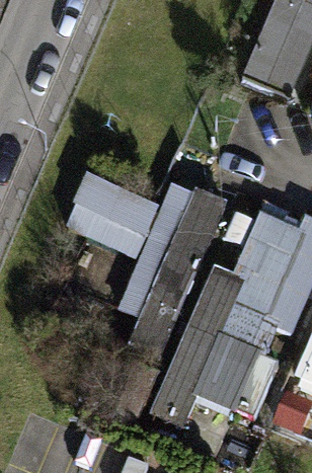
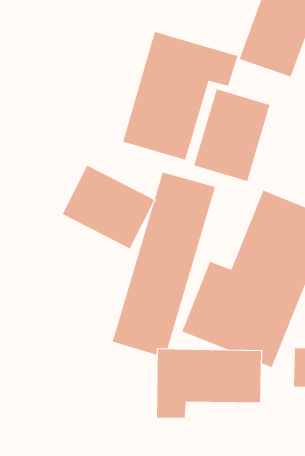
building: none -> [122,31,238,160]
building: none -> [194,89,270,182]

